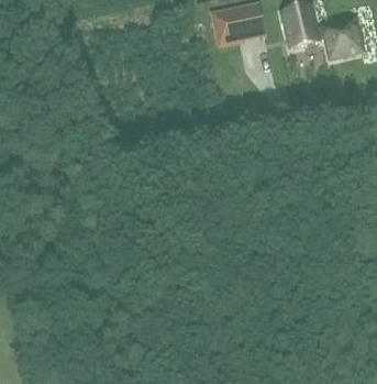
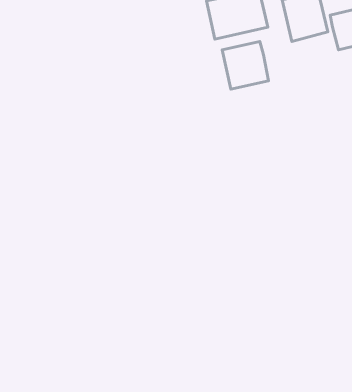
building: none -> [222,41,269,89]

